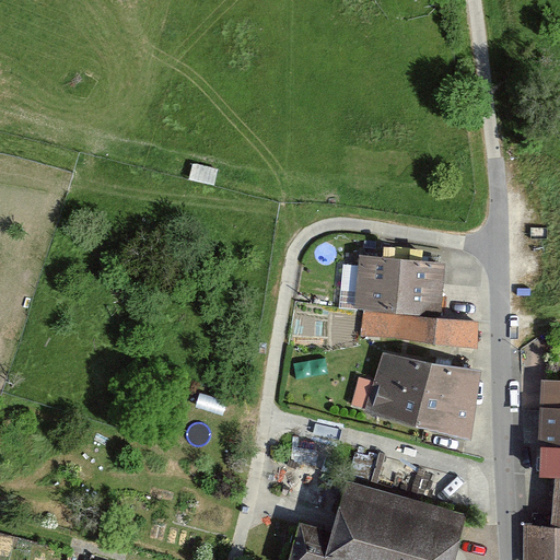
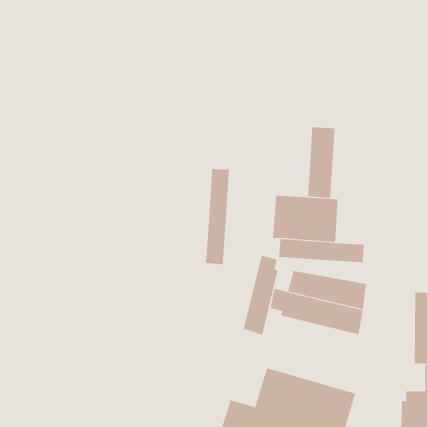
building: none -> [307,127,335,199]
building: none -> [206,168,230,265]
building: none -> [243,255,278,335]

